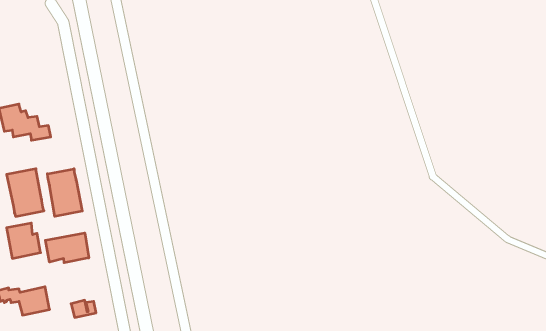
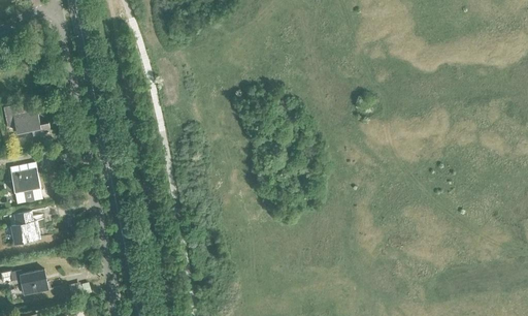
building: [47,169,82,216] -> none
building: [45,233,89,263] -> none

